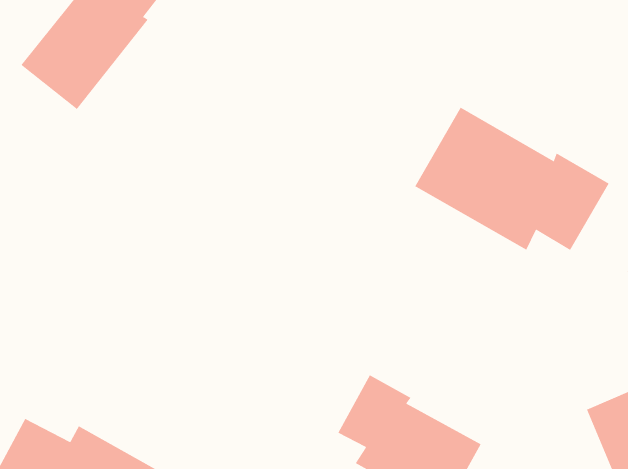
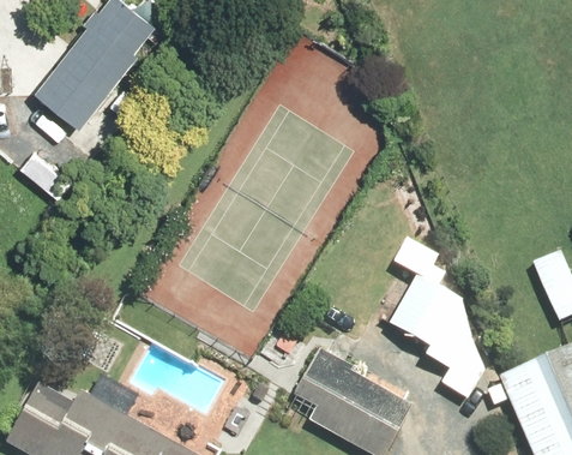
building: [415,107,609,251] -> none
building: none -> [389,274,510,397]

